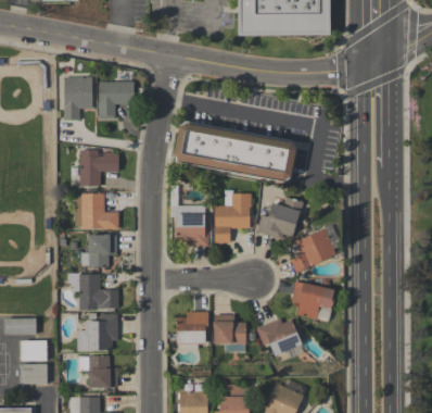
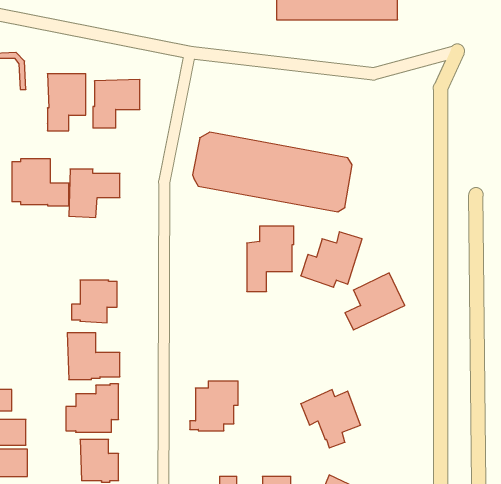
building: [75,192,118,228] -> [12,159,69,206]
building: [170,205,208,246] -> none
building: [291,280,334,318] -> none
building: [213,314,245,343] -> none

